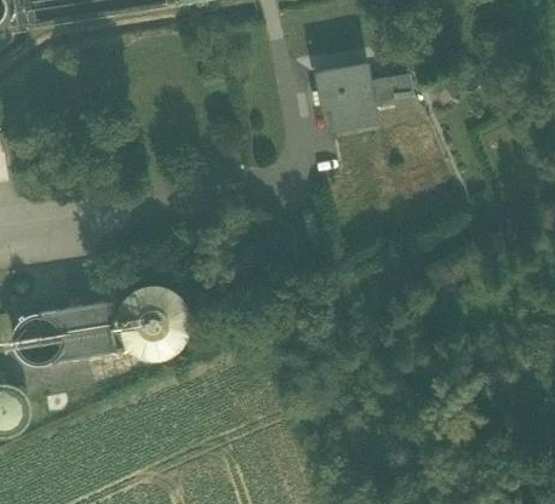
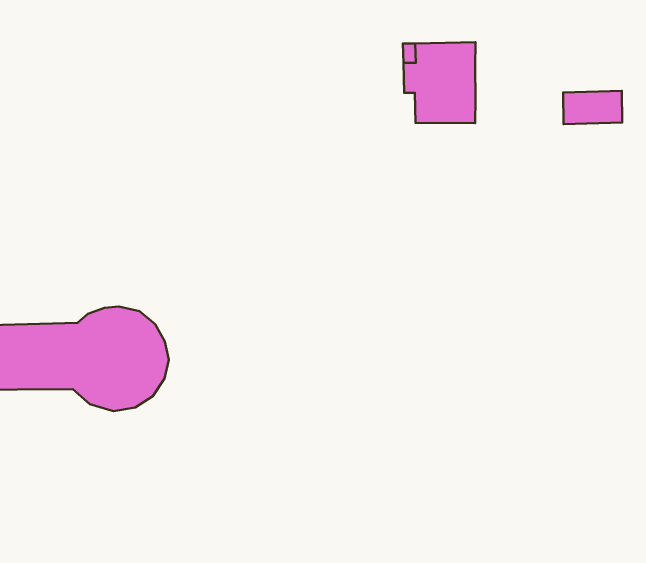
building: [361,74,405,103] -> [563,91,622,124]

